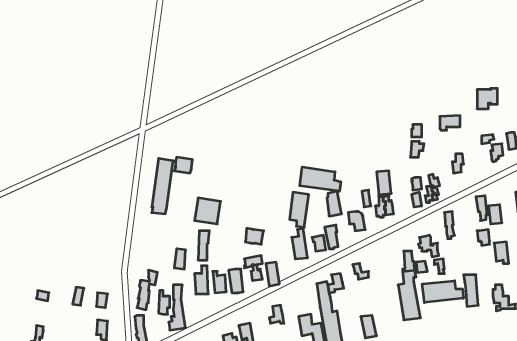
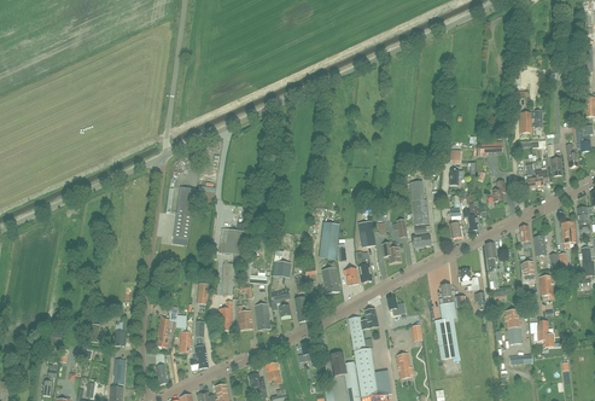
building: [300,167,341,191] -> none
building: [422,281,463,303] -> none

